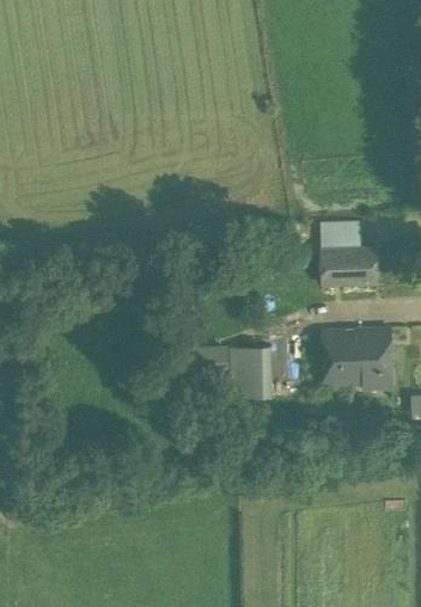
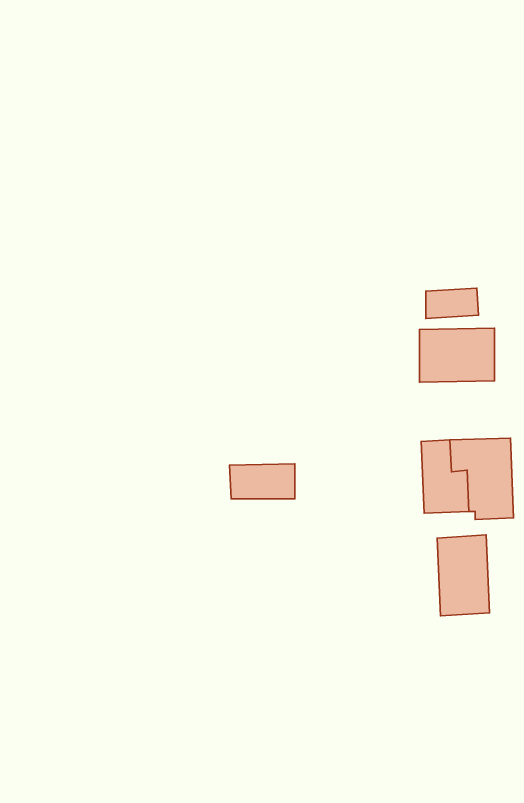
building: [234,338,275,387] -> none
building: none -> [437,535,489,616]

